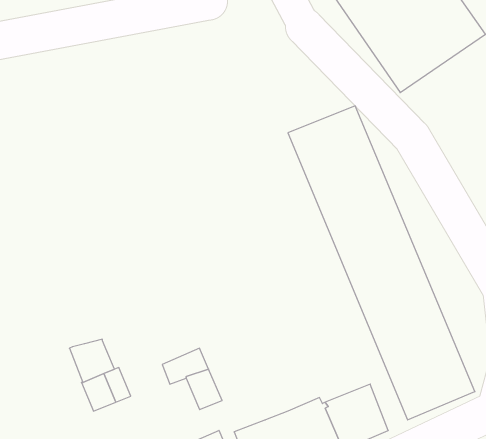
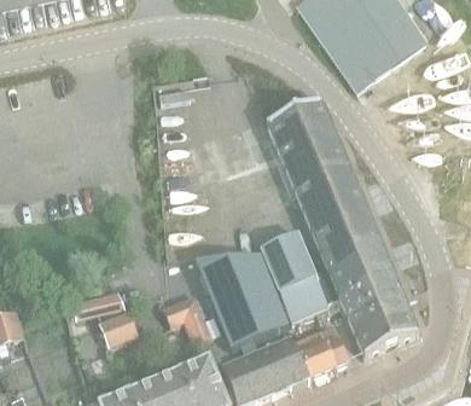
building: none -> [261,228,327,317]
building: none -> [192,253,285,352]

